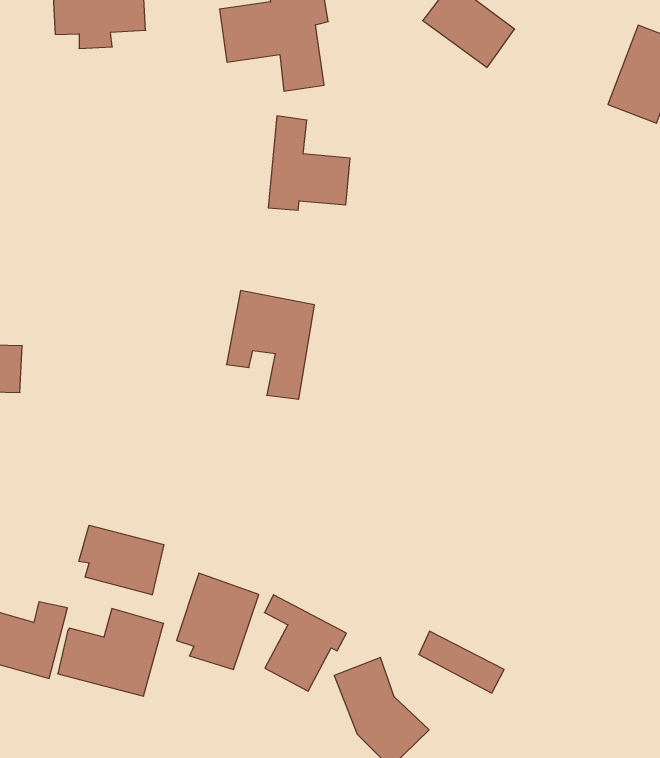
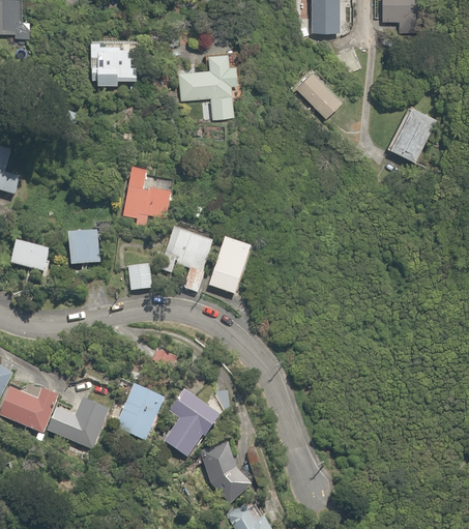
building: [268,116,350,210] -> [121,165,170,218]
building: none -> [209,238,250,293]
building: none -> [66,229,99,264]
building: none -> [127,264,153,290]
building: [79,525,164,595] -> none
building: [419,631,504,693] -> [173,387,219,425]

